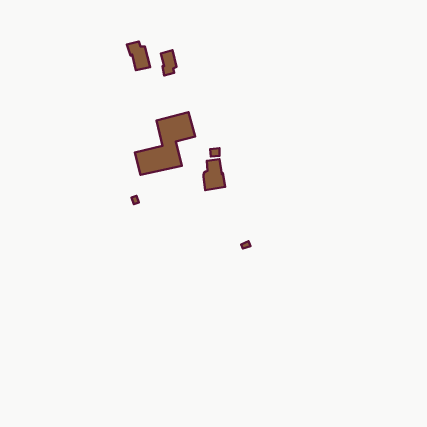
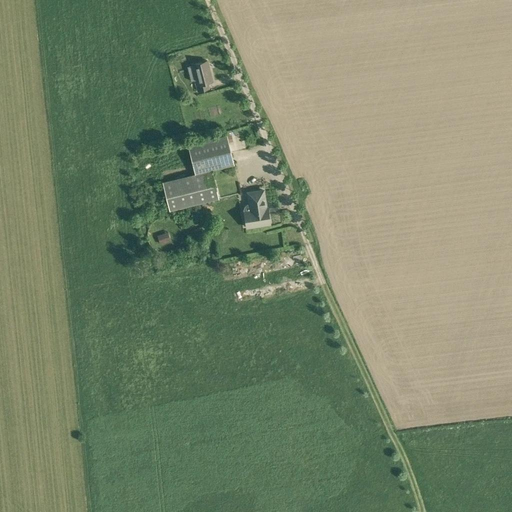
building: [127,41,150,70] -> none

